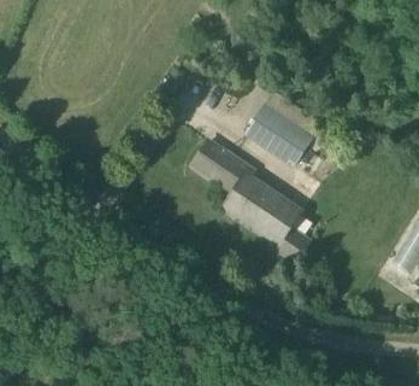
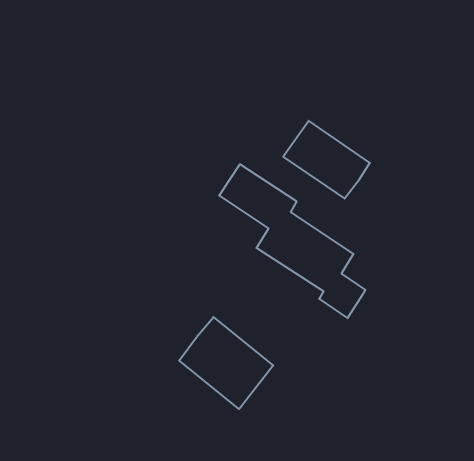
building: none -> [179,317,273,409]

